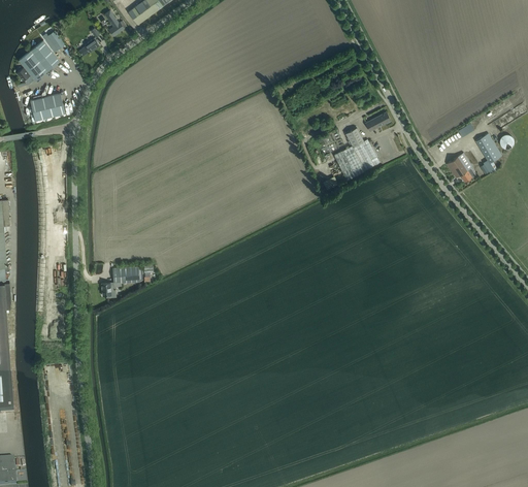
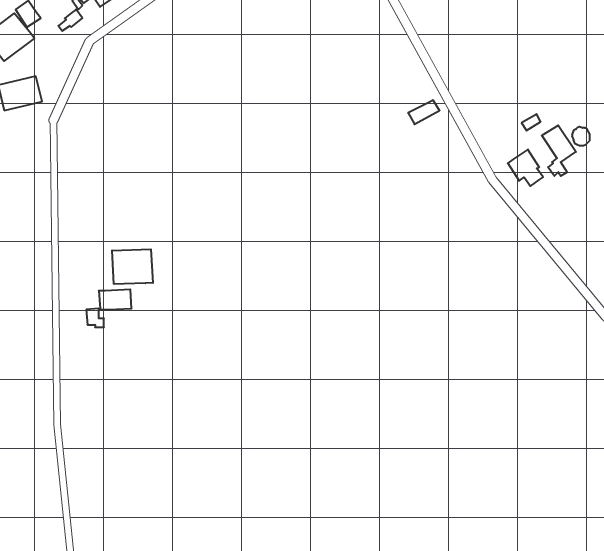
building: [331,128,376,181] -> none
building: none -> [112,249,153,284]

